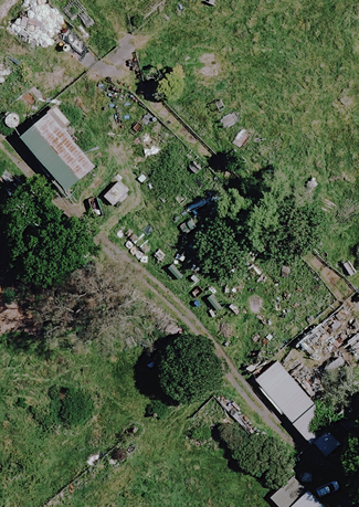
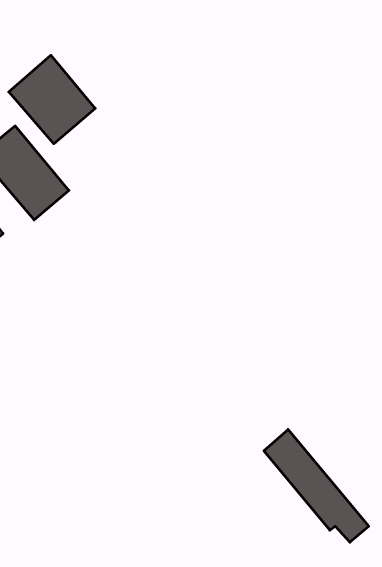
building: none -> [9,55,95,144]

